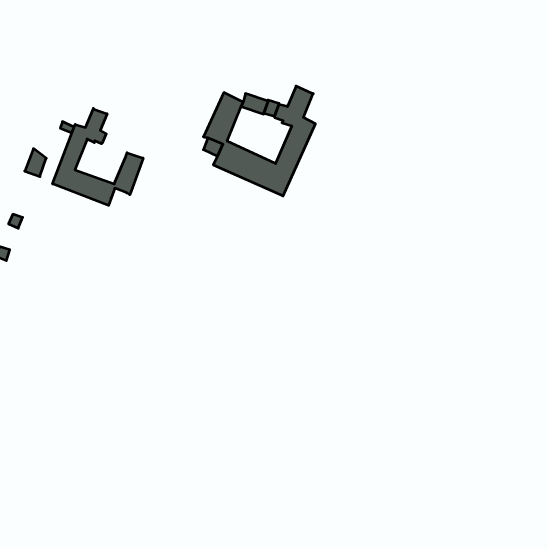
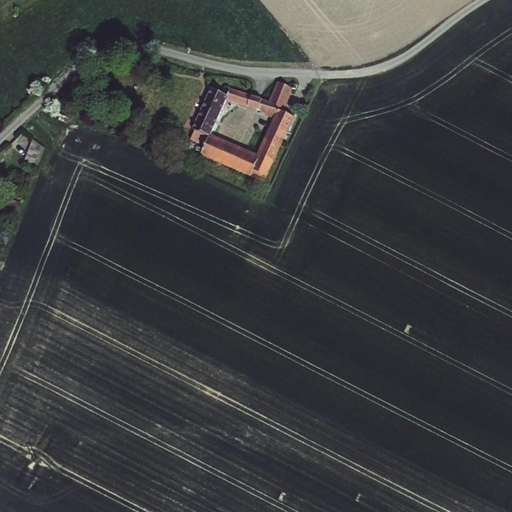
building: [53,108,143,205] -> none

